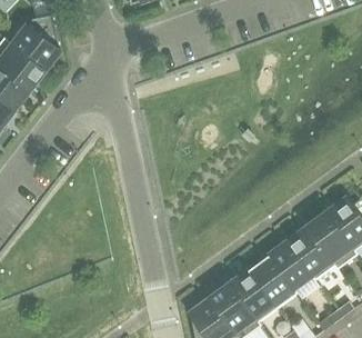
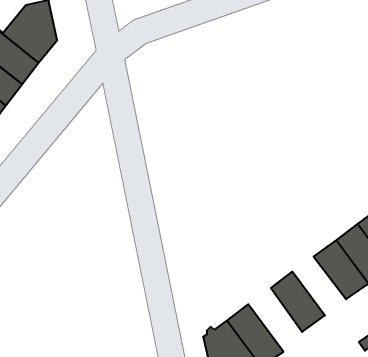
building: [268,241,315,294] -> none
building: [229,269,276,326] -> none

